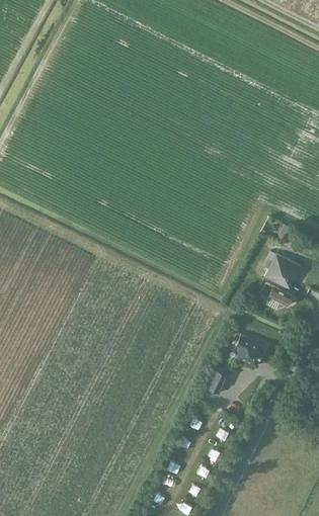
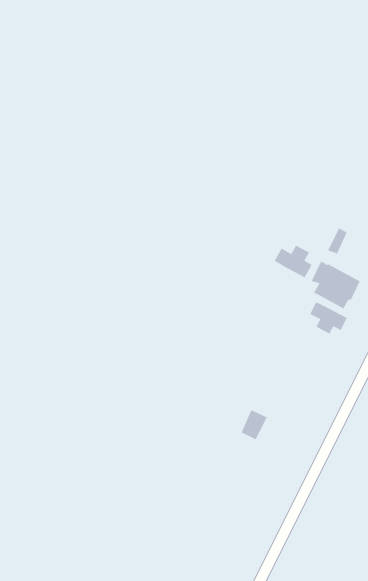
building: none -> [274,245,312,278]
building: [237,334,266,367] -> none

